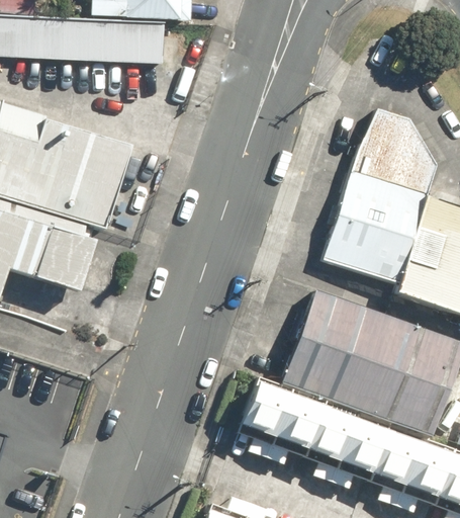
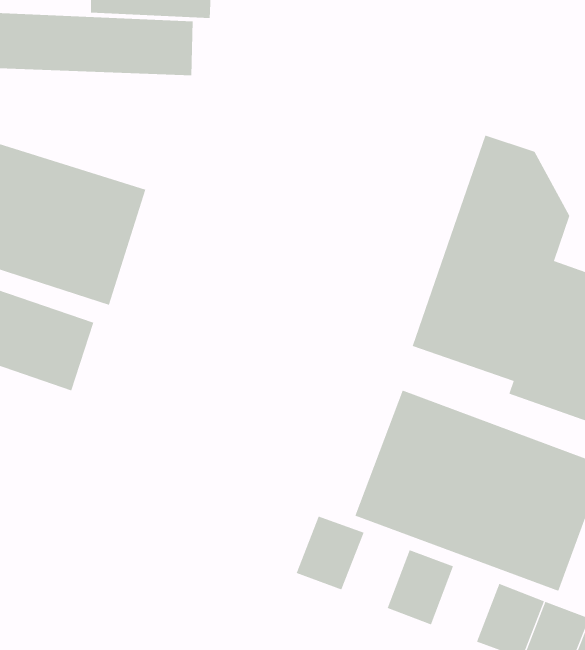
building: [273,393,321,447] -> none
building: [338,417,386,471] -> none

